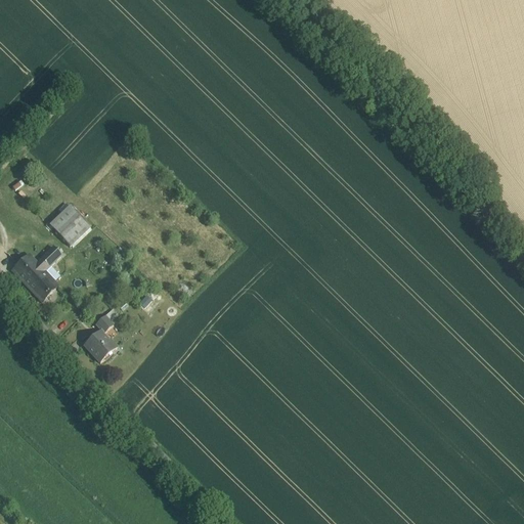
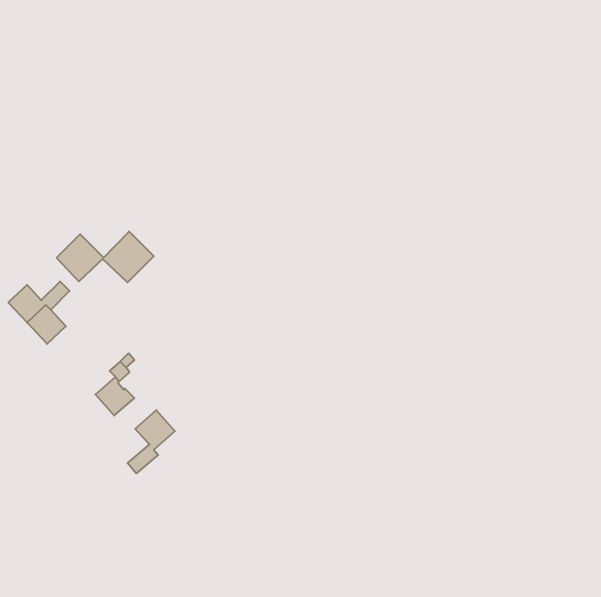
building: none -> [103,231,154,282]
building: none -> [127,410,175,473]

